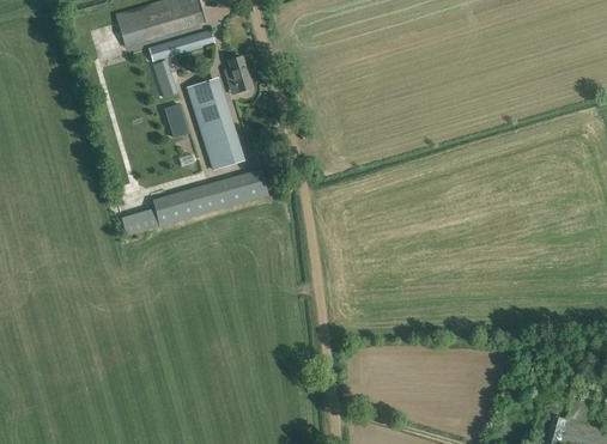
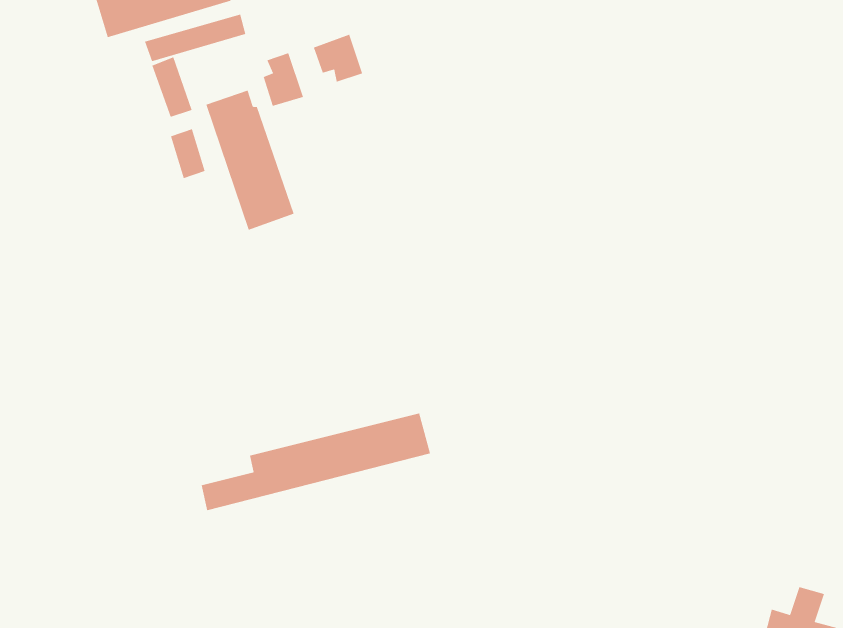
building: none -> [313,34,363,83]
building: [123,170,272,233] -> [201,413,431,511]

